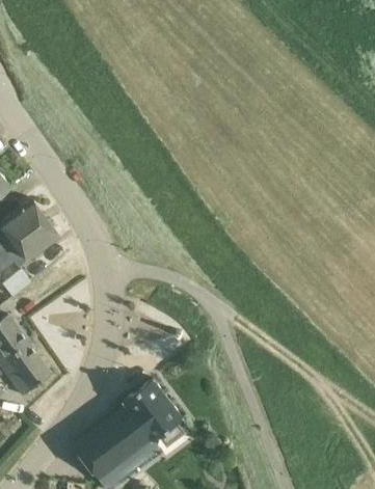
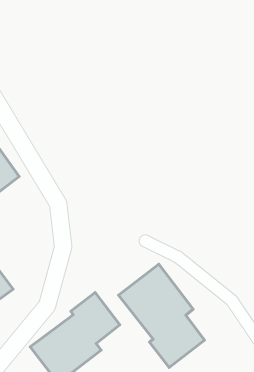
building: none -> [118,264,205,367]

